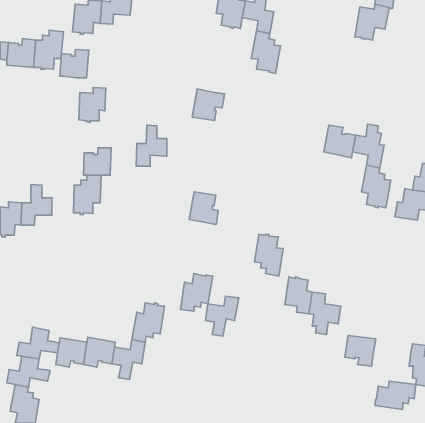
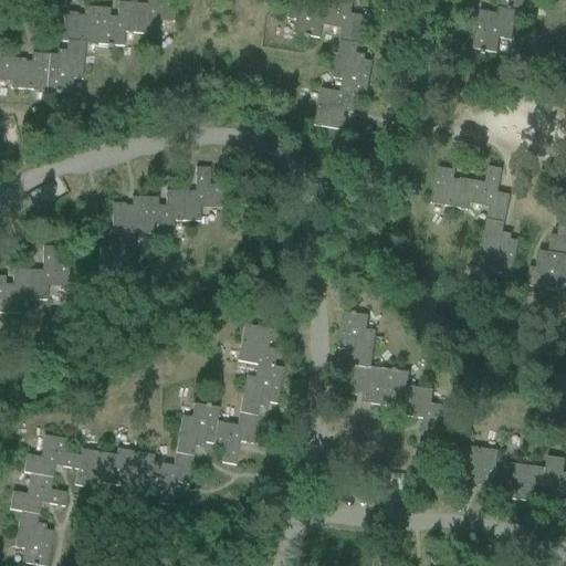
building: [60,49,89,78] -> [63,4,102,42]
building: [79,87,106,122] -> [148,189,184,235]
building: [192,89,225,120] -> [315,87,358,129]
building: [189,192,218,225] -> [239,323,277,366]
building: none -> [345,363,385,403]
building: [205,296,239,336] -> [214,410,259,463]
building: [375,381,416,410] -> [492,462,546,500]

